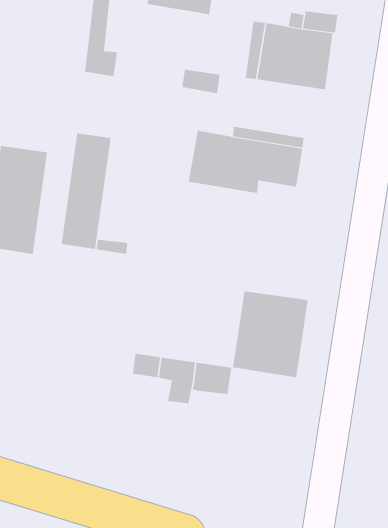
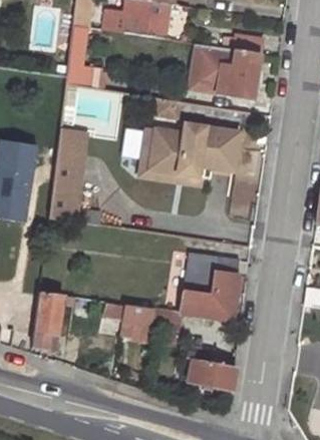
building: none -> [136,126,201,186]
building: none -> [32,291,74,349]
building: none -> [187,352,235,391]

